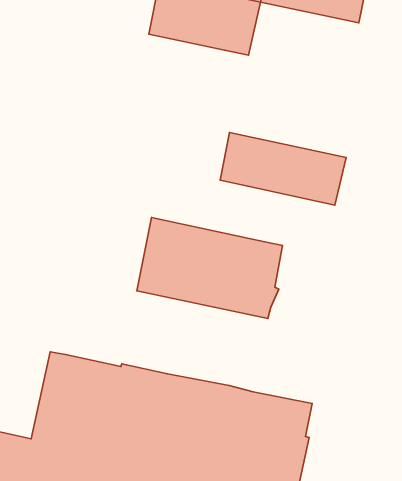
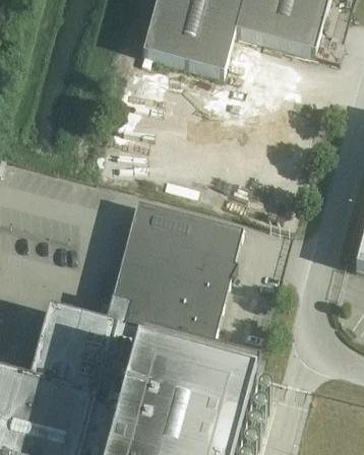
building: [220,133,346,205] -> none
building: none -> [107,260,228,347]

